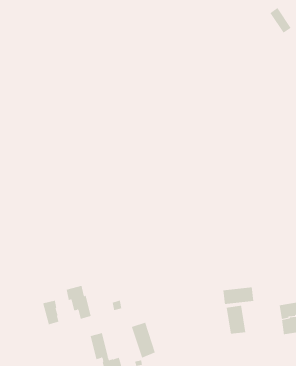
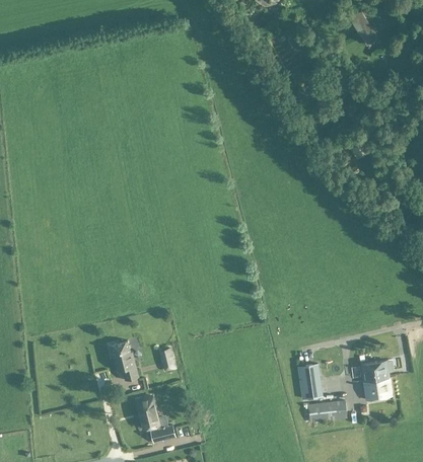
building: [223,287,254,305] -> [308,399,346,420]
building: [43,300,59,325] -> none
building: [131,322,156,358] -> none

